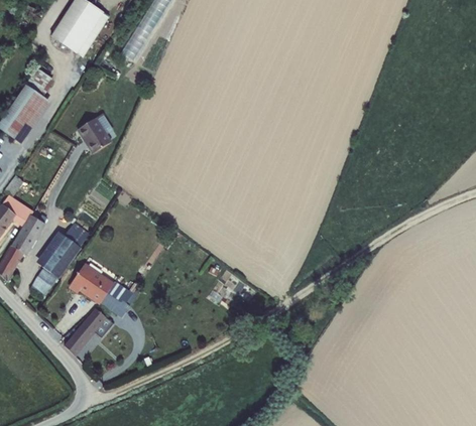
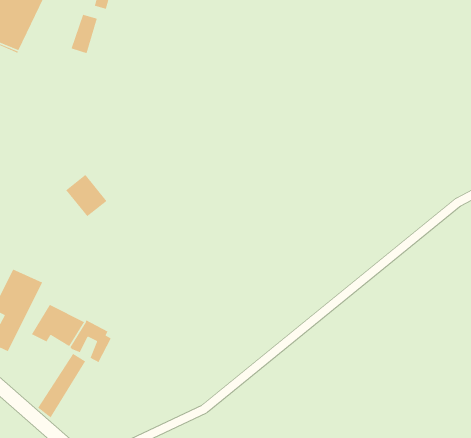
building: [77,116,110,151] -> [65,174,107,217]

